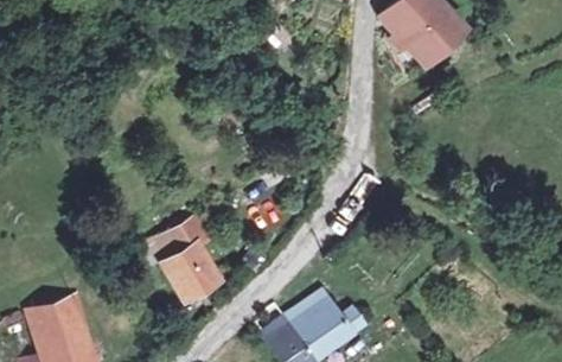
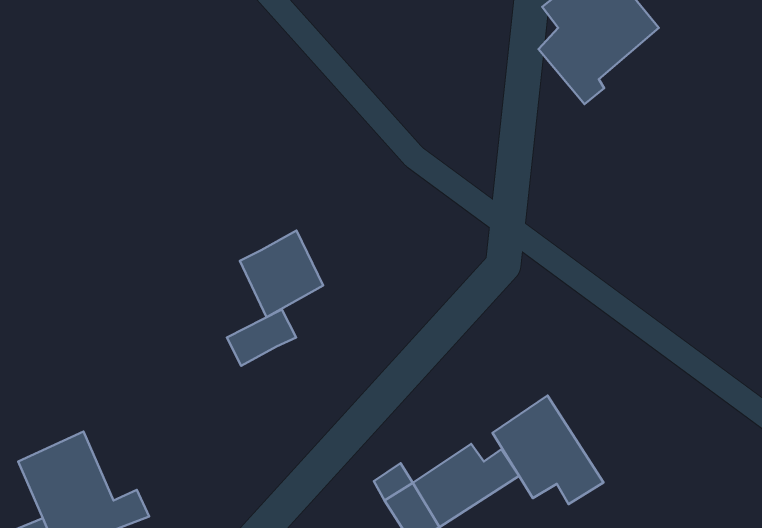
building: [166,237,222,296] -> [240,231,323,317]
building: none -> [493,395,603,504]

